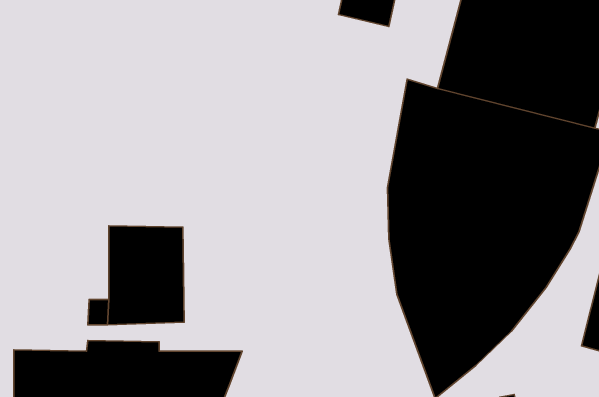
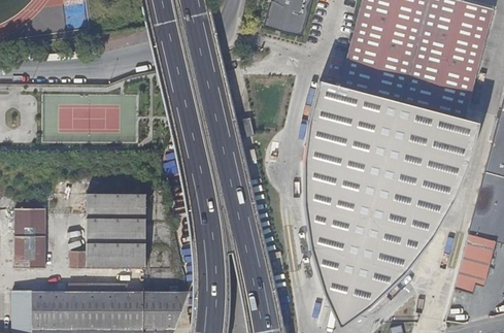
building: none -> [15,199,46,267]

